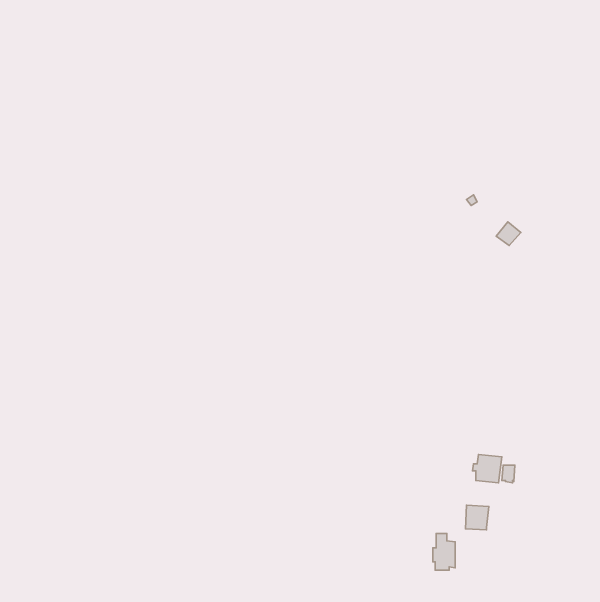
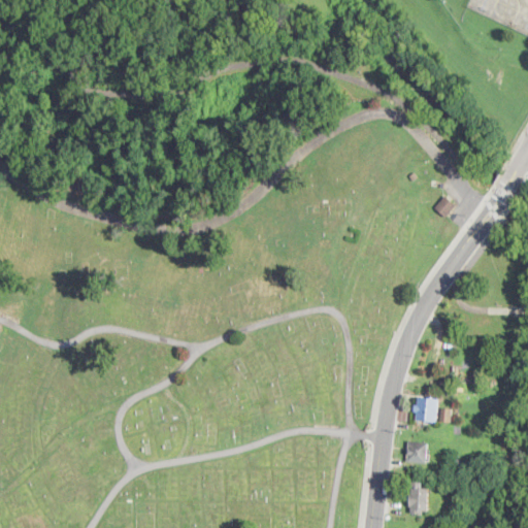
building: [433,534,455,570] -> [407,483,427,515]

